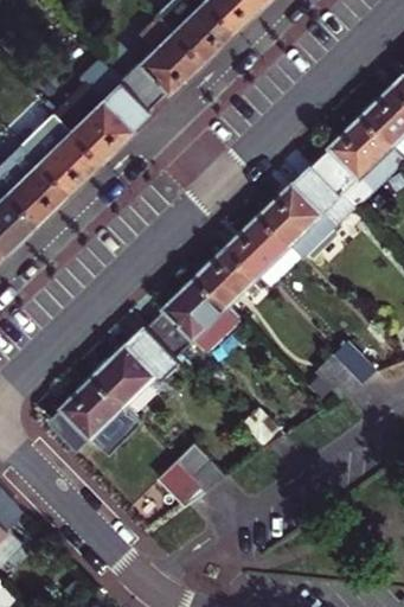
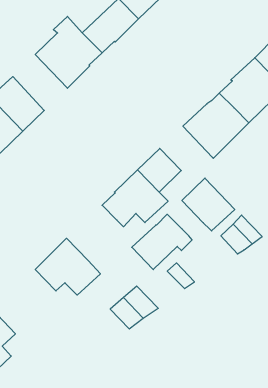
building: [20,108,98,189] -> none
building: [231,211,307,287] -> [182,178,235,231]
building: [97,325,184,404] -> [132,214,192,270]

